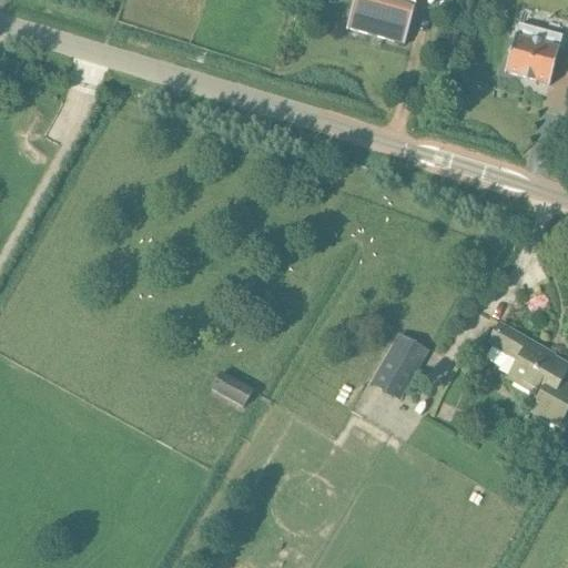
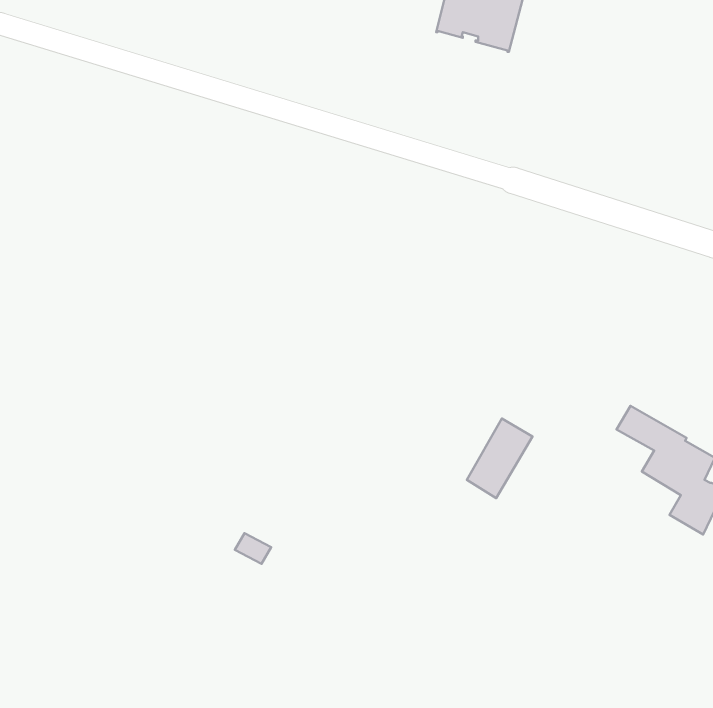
building: [506,21,562,81] -> none
building: [212,369,254,406] -> none

